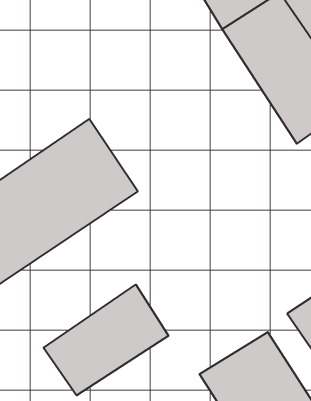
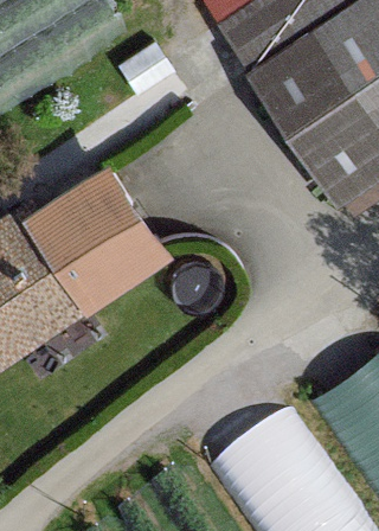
building: [44,285,168,395] -> none

